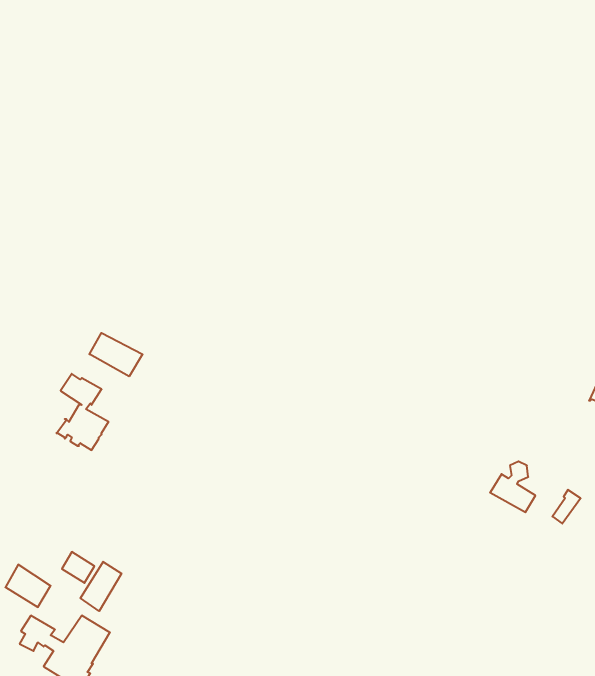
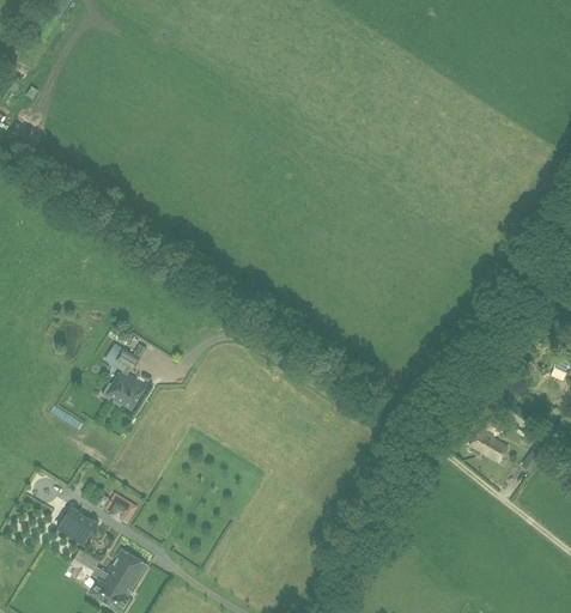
building: [89,333,143,376] -> none
building: [80,562,121,611] -> none

